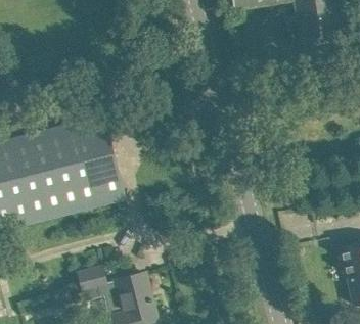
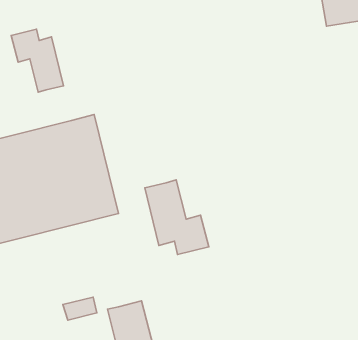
building: none -> [11,29,64,92]
building: none -> [145,180,209,255]

